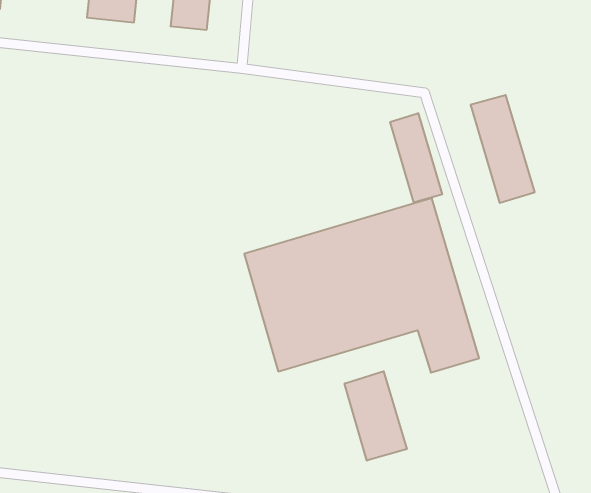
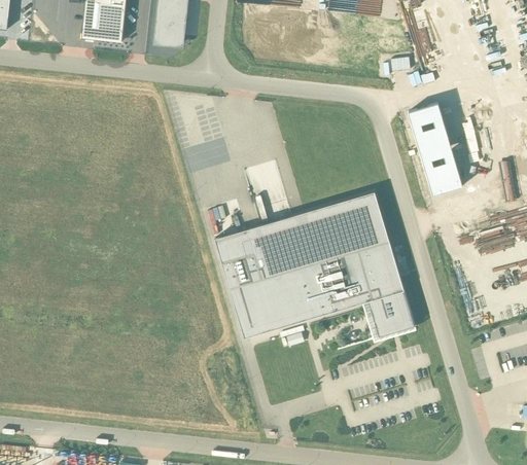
building: [390,113,442,202] -> none
building: [345,371,407,461] -> none

